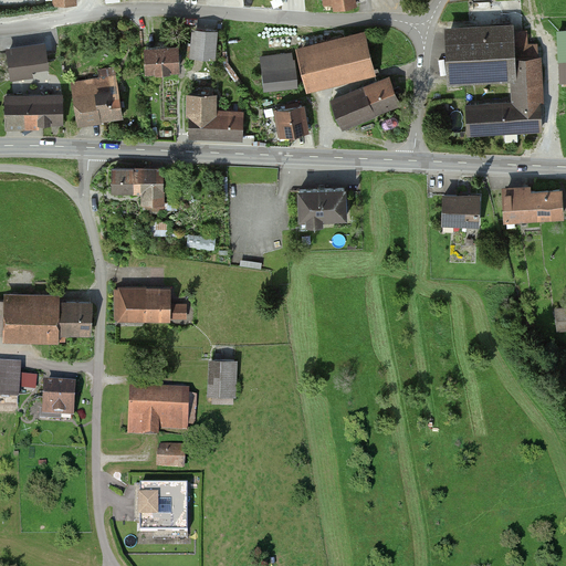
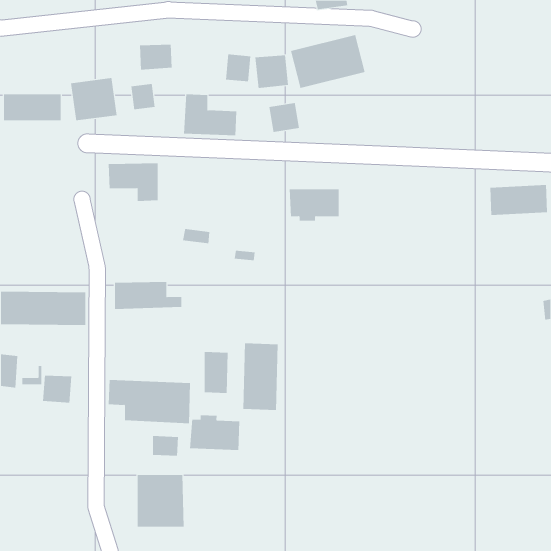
building: [446,29,542,133] -> none
building: [190,30,217,59] -> [225,54,251,82]
building: [4,44,49,77] -> none
building: [332,77,399,128] -> none
building: none -> [131,83,155,110]
building: [441,195,480,226] -> none
building: none -> [243,342,278,411]
building: none -> [189,415,240,451]

